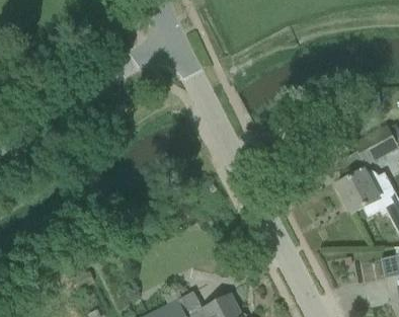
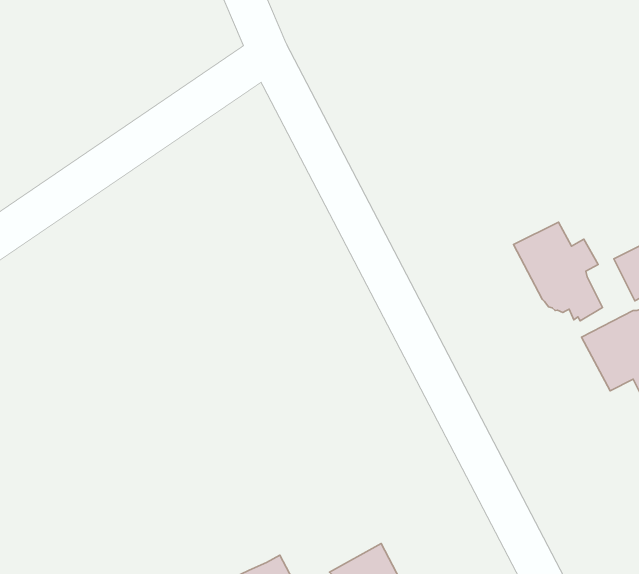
building: none -> [514,222,603,321]

